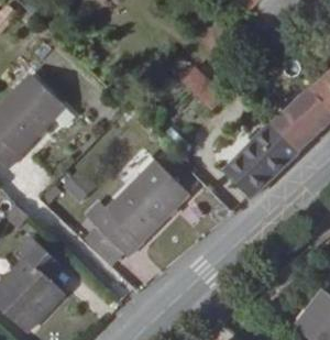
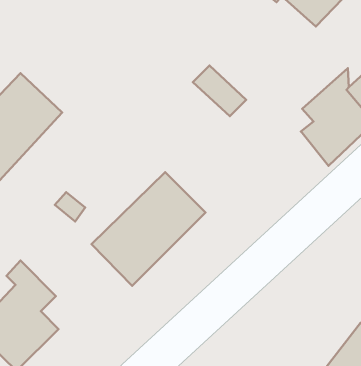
building: [223,125,297,199] -> none

